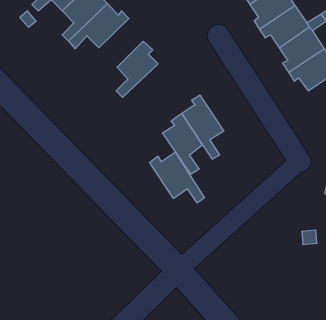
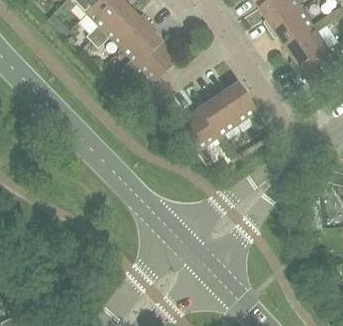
building: none -> [120,20,162,76]
building: [150,152,205,203] -> [215,81,266,128]

